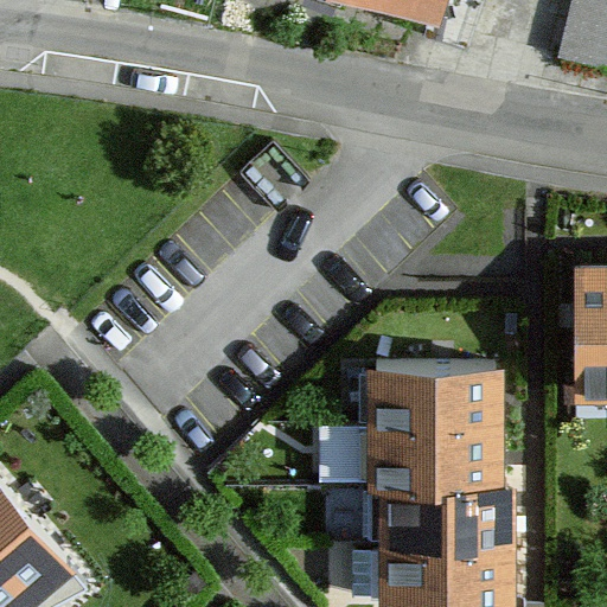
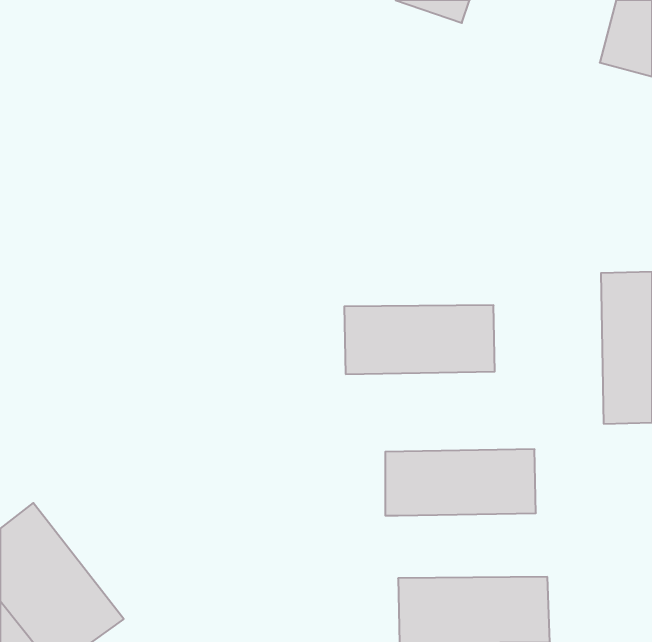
building: [357,365,497,429] -> [344,305,495,374]
building: [370,486,509,547] -> none

